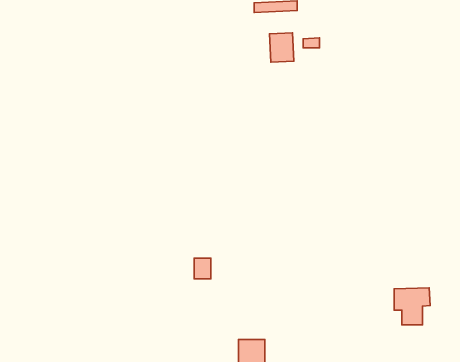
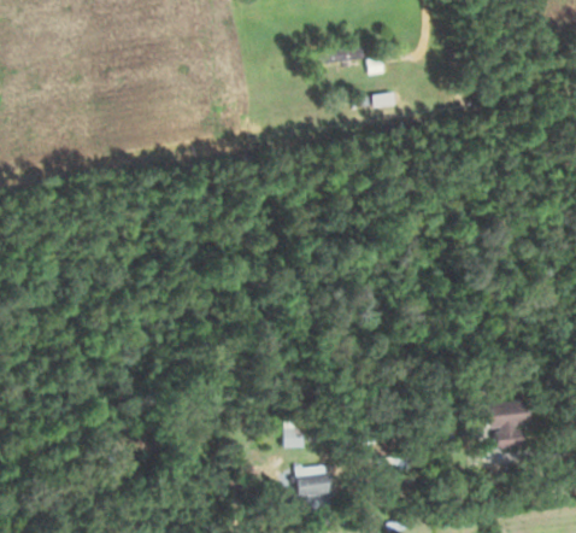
building: [270,33,294,62] -> none
building: [194,258,211,279] -> [284,421,305,446]

